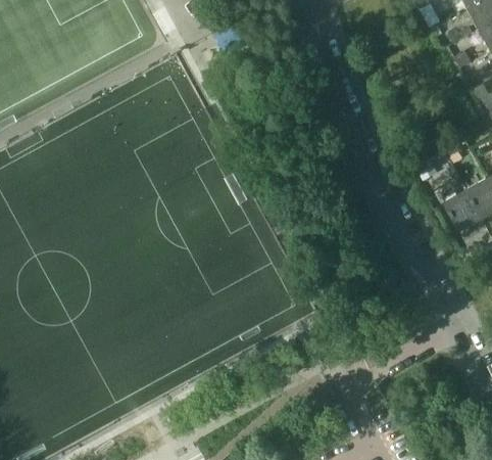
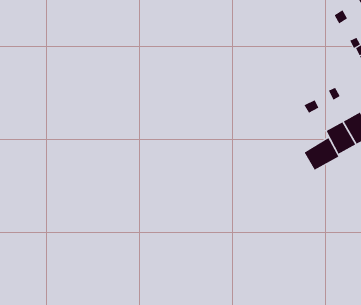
building: none -> [304,137,339,170]

